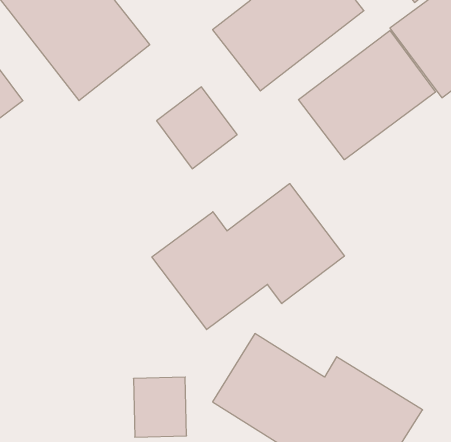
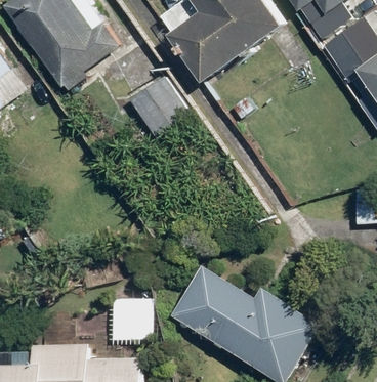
building: [299,31,436,160] -> none
building: [152,184,344,330] -> none

